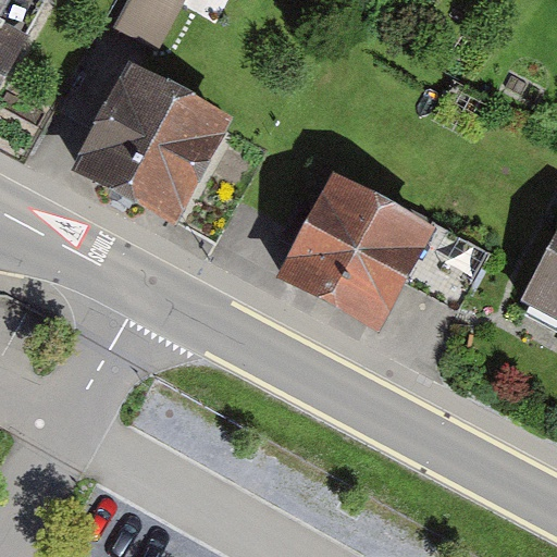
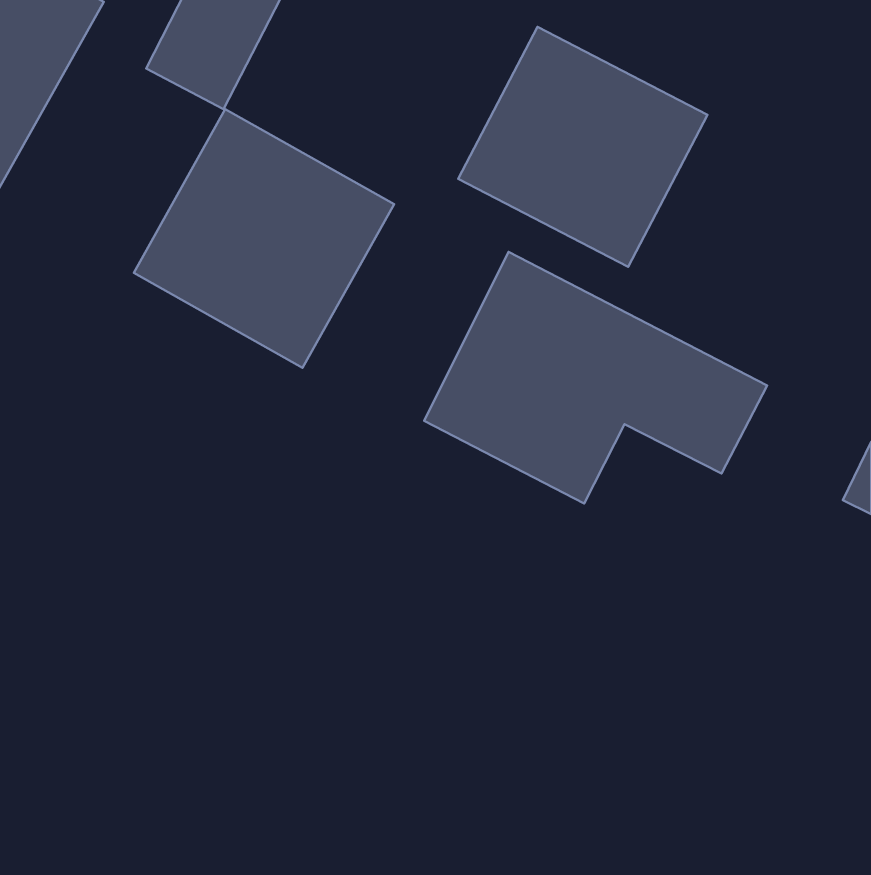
building: none -> [458,27,707,267]

